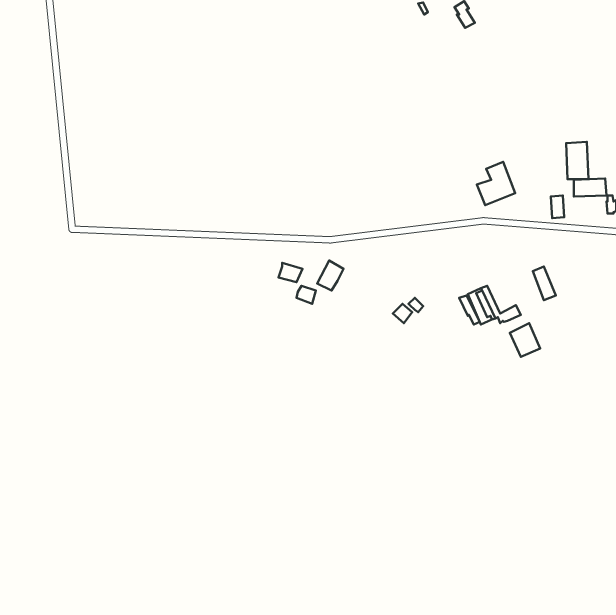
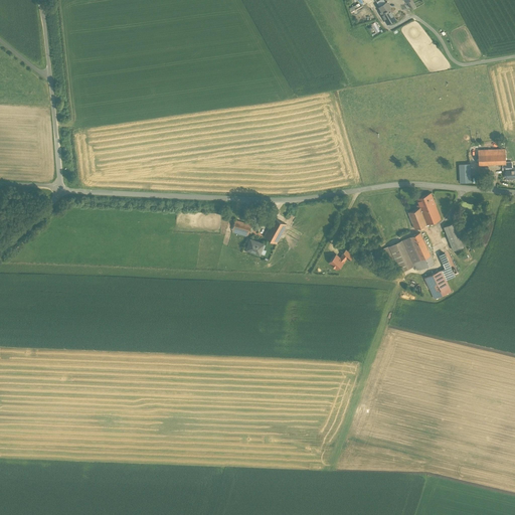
building: [566,142,588,179] -> none
building: [477,162,515,205] -> [408,193,441,229]
building: none -> [406,232,431,263]

